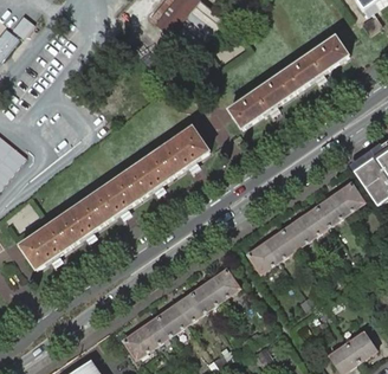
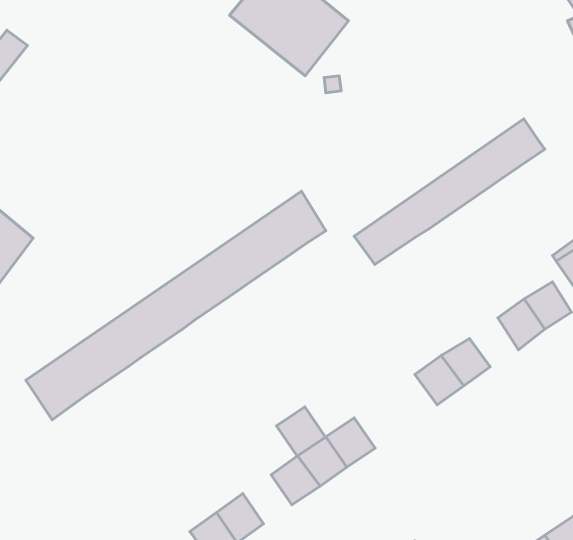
building: [228,37,348,128] -> [354,119,545,264]
building: [298,206,329,237] -> none
building: [246,241,278,272] -> none
building: [156,304,187,335] -> [276,407,326,456]

